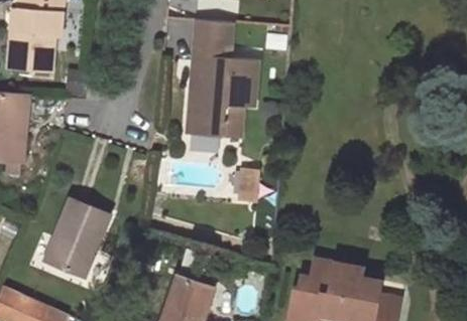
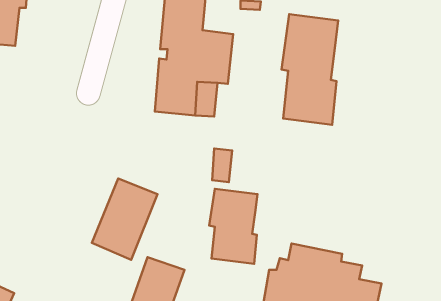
building: none -> [282,14,338,125]
building: [45,199,108,277] -> [92,178,157,260]
building: none -> [209,189,258,264]

